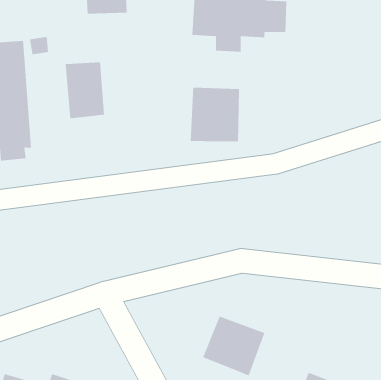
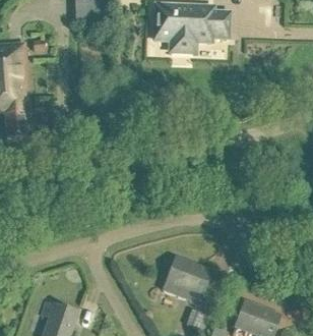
building: [65,61,104,119] -> none
building: [190,87,240,144] -> none

